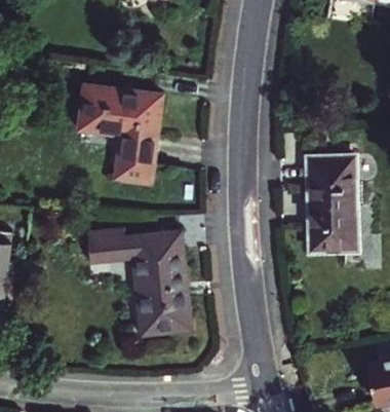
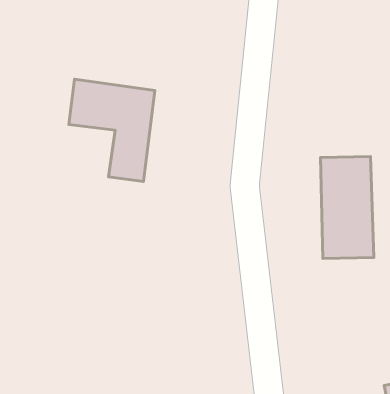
building: [87,231,189,334] -> none

